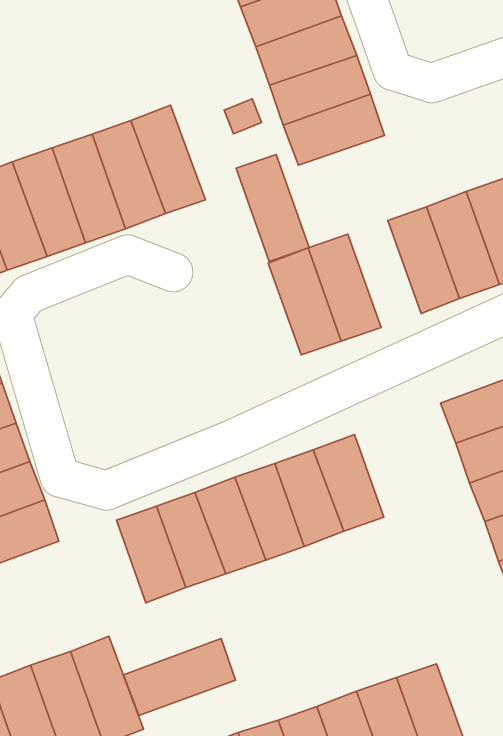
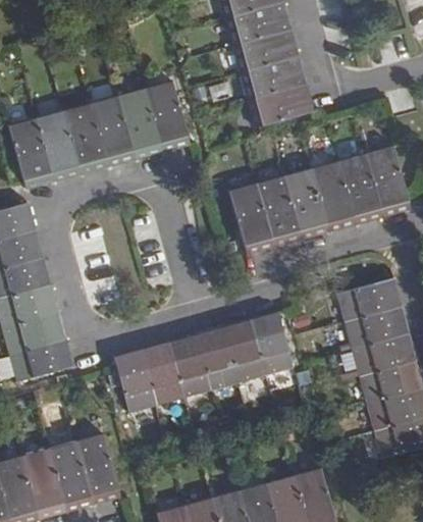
building: [236,154,309,261] -> [283,168,328,240]
building: [123,638,235,716] -> none

